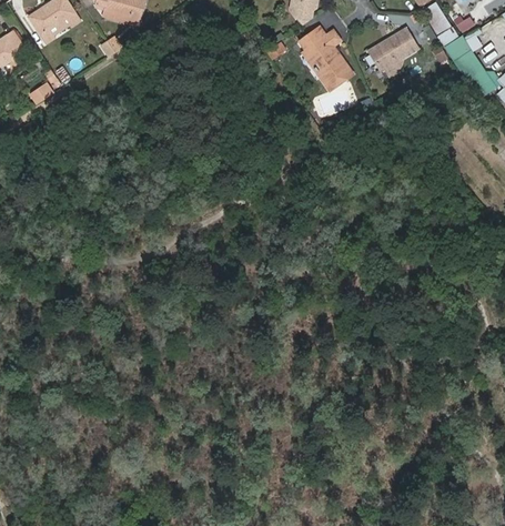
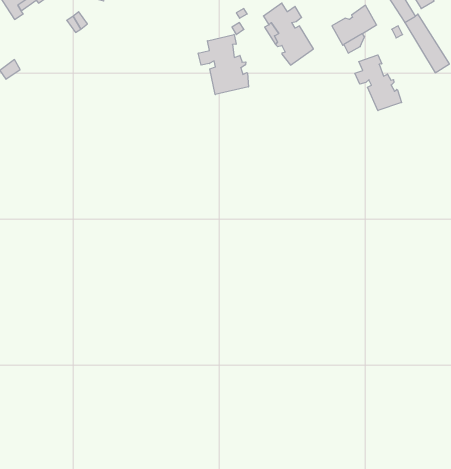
building: none -> [198,34,248,95]
building: none -> [355,55,402,111]

